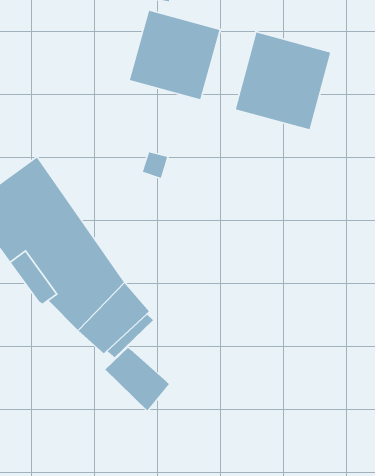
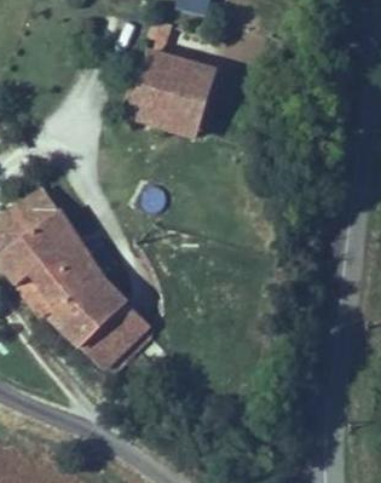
building: [235,31,331,130] -> none
building: [104,347,170,411] -> none

